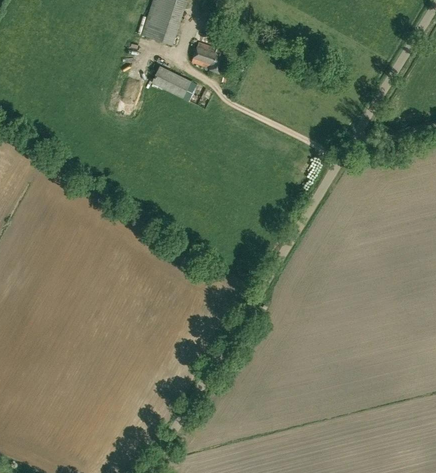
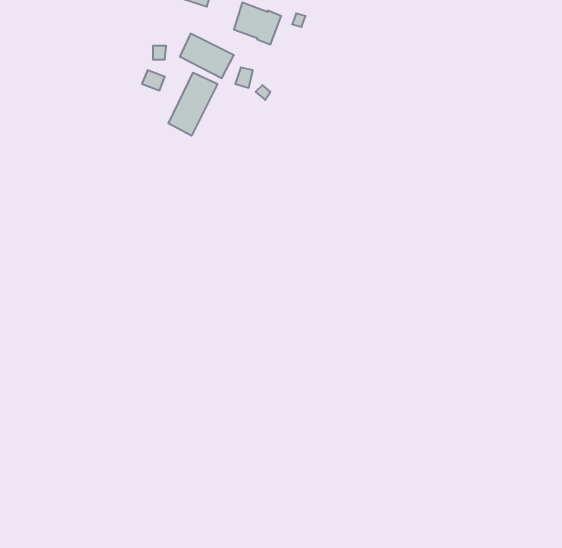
building: none -> [168,73,217,136]

